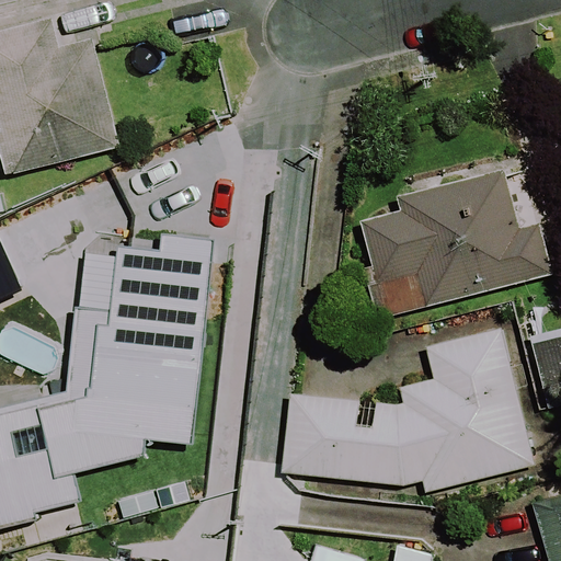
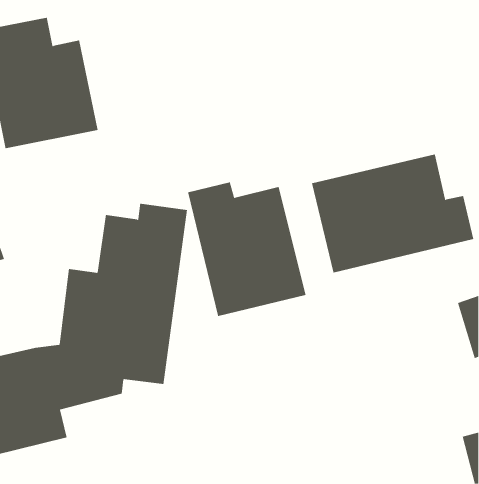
building: none -> [188,182,306,317]
building: [284,331,530,488] -> none

